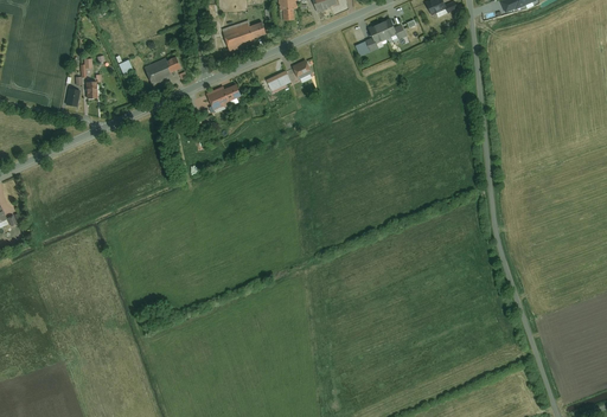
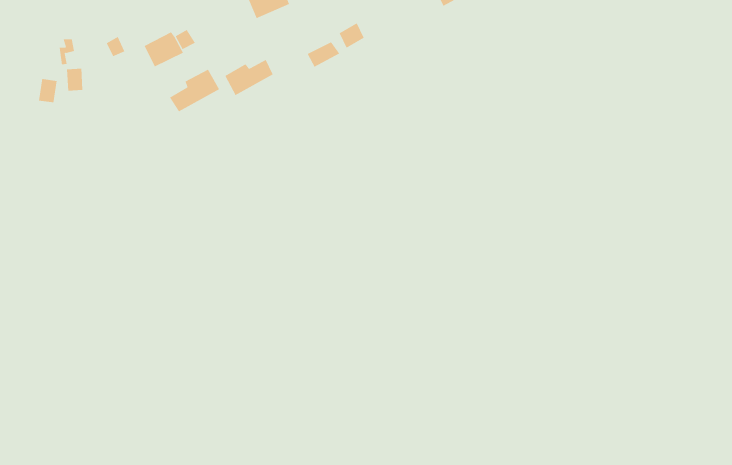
building: none -> [169,69,220,112]

